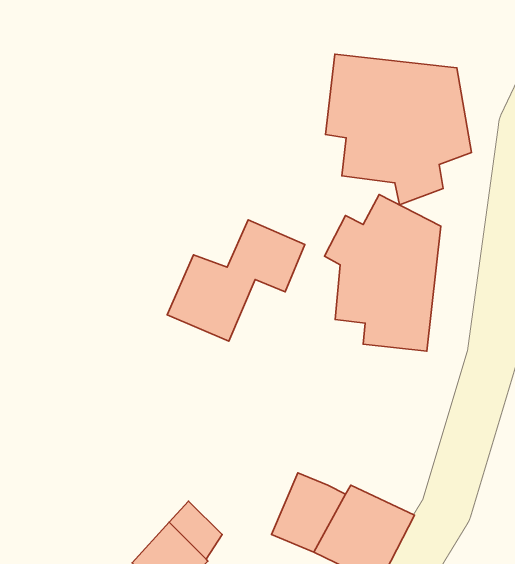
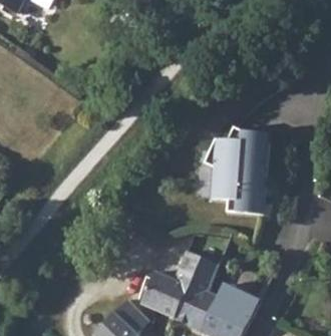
building: [326,54,471,205] -> none
building: [167,220,305,341] -> [139,249,218,318]

